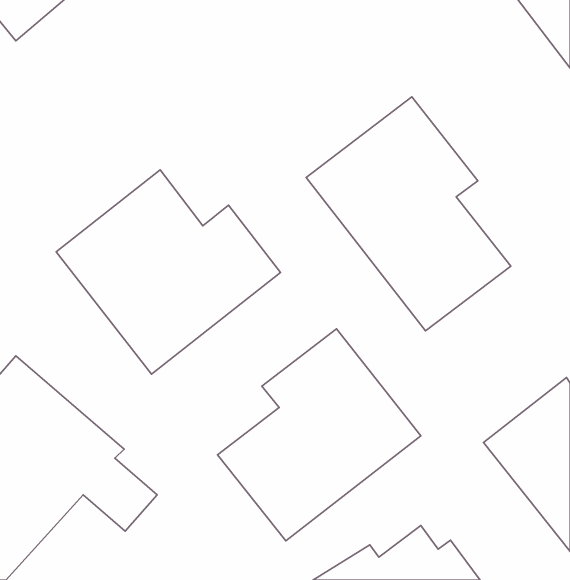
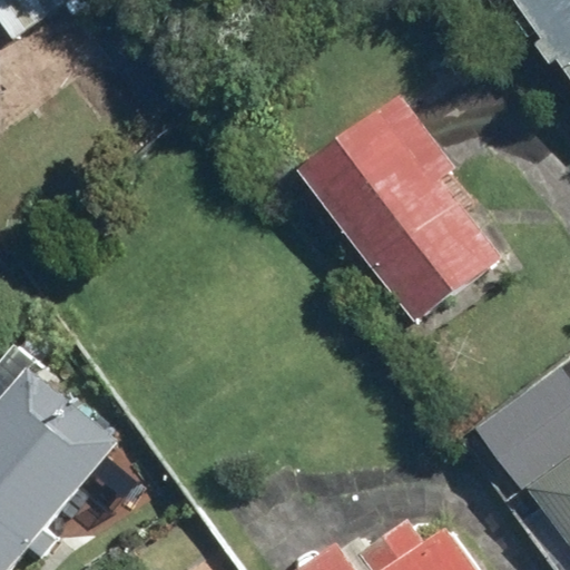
building: [56,170,281,374] -> none
building: [218,329,421,541] -> none

